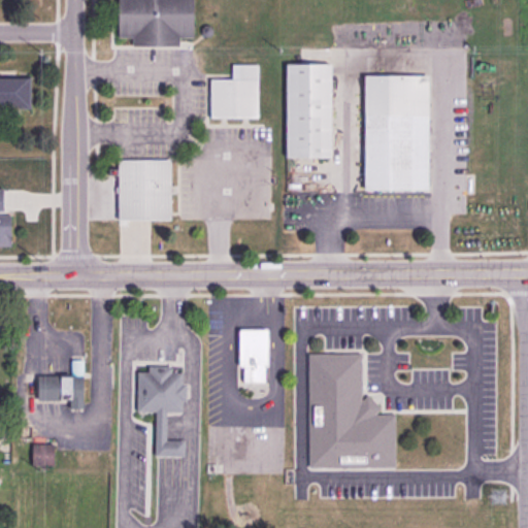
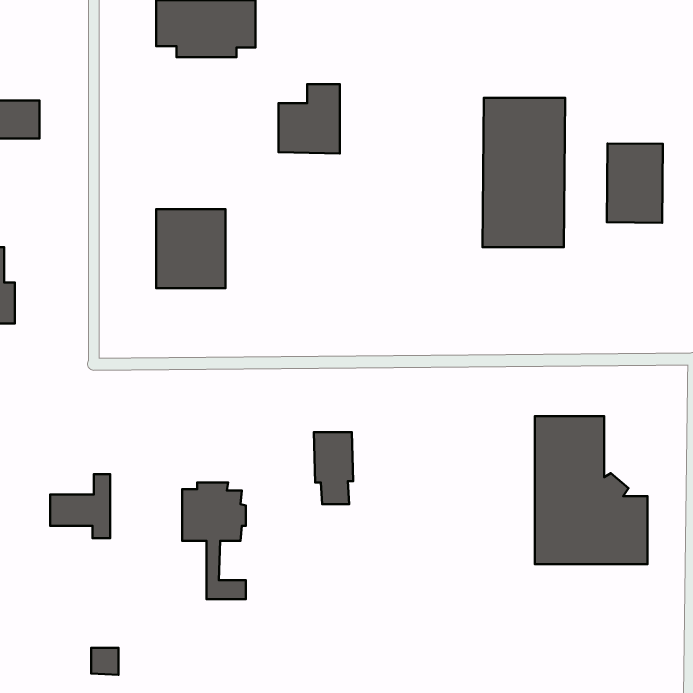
building: [287,63,332,156] -> none
building: none -> [607,143,663,223]
building: [309,354,395,466] -> [535,416,648,564]
building: [33,444,54,465] -> [91,648,118,675]

